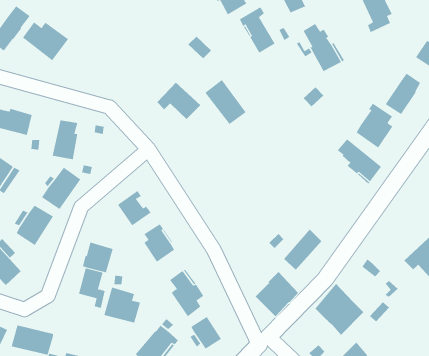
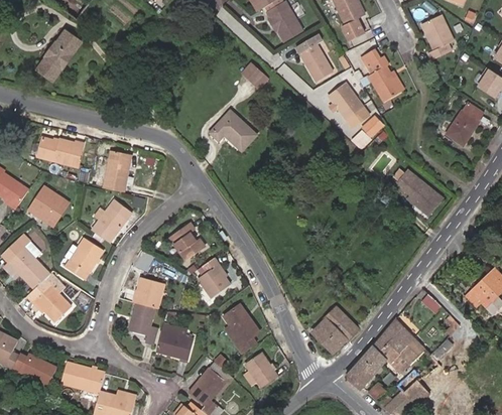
building: [22,21,69,61] -> none
building: [205,79,247,125] -> [327,82,370,129]
building: [356,103,393,148] -> none
building: [283,229,322,271] -> [346,344,386,388]

